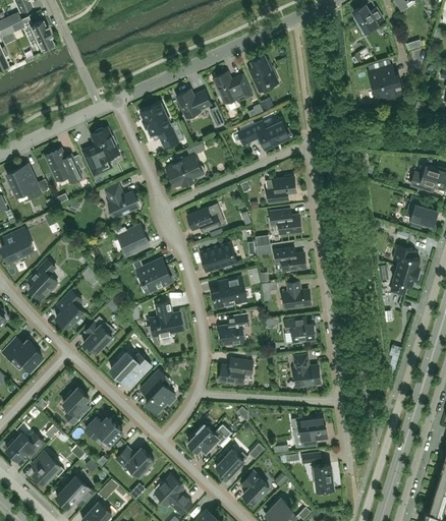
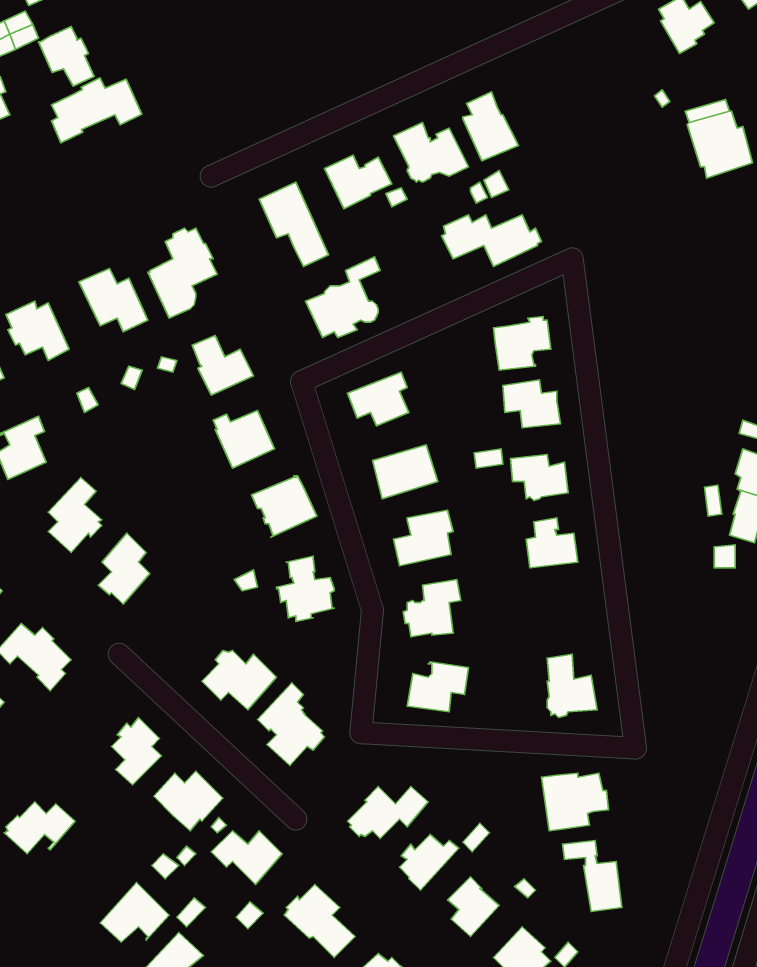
building: none -> [51,78,142,143]
building: [83,317,113,354] -> none
building: [285,317,316,343] -> none
building: [33,452,61,484] -> none

